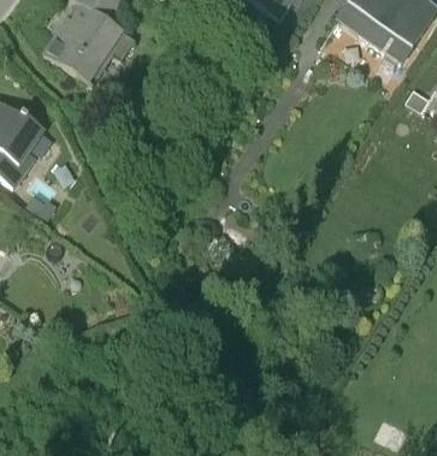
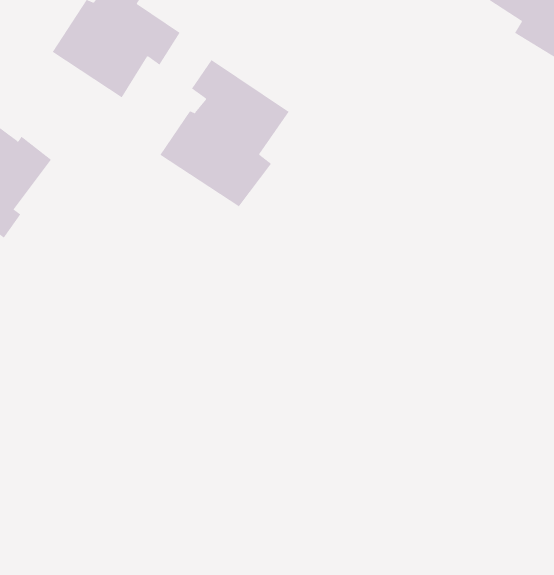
building: none -> [159,59,289,207]

